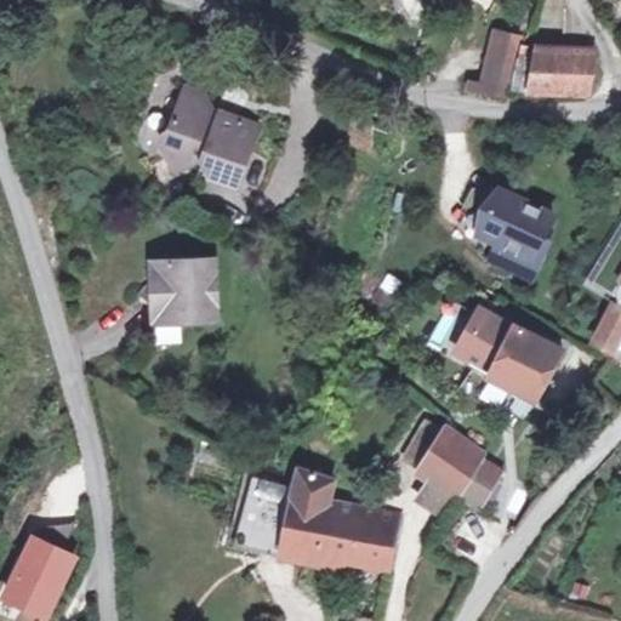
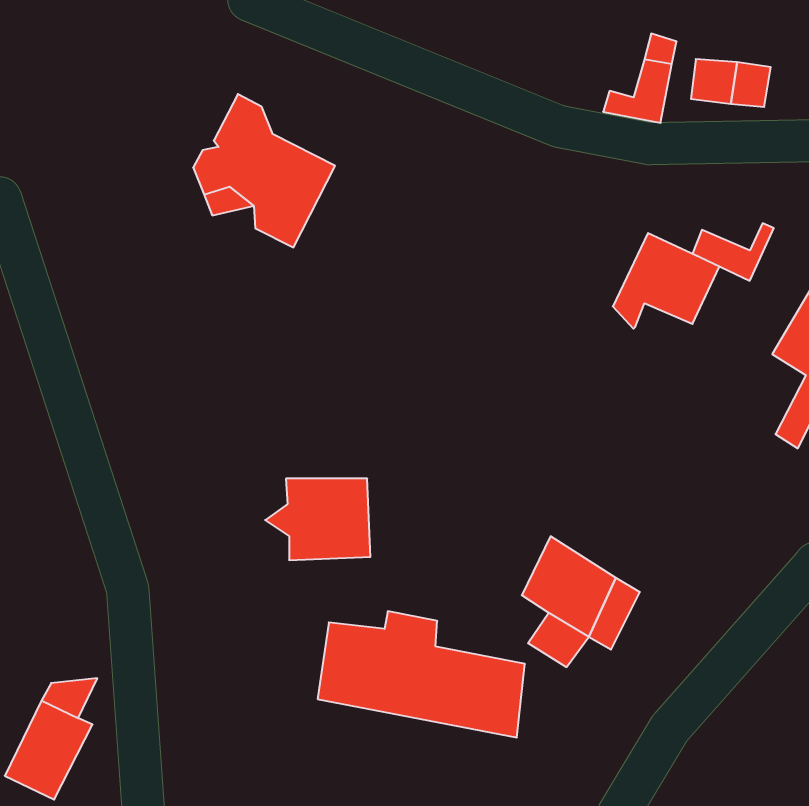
building: [488,233,549,277] -> [692,223,774,281]
building: [141,268,221,330] -> [265,479,370,560]
building: [458,306,559,395] -> none

